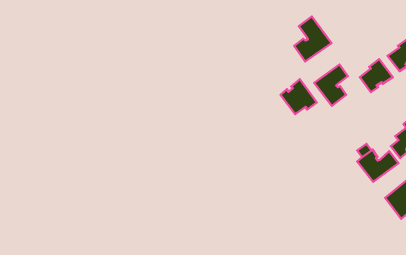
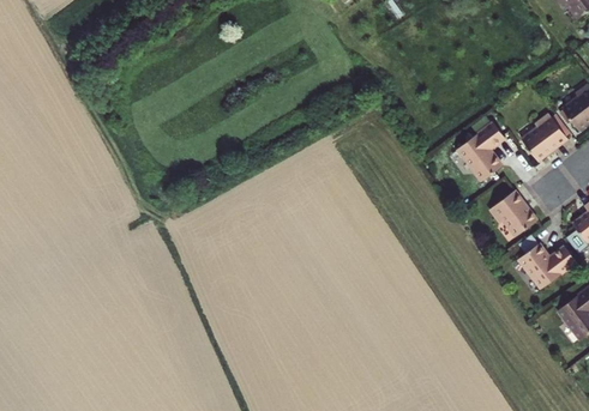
building: [294,16,332,62] -> none
building: [281,79,317,114] -> none
building: none -> [488,188,536,235]

